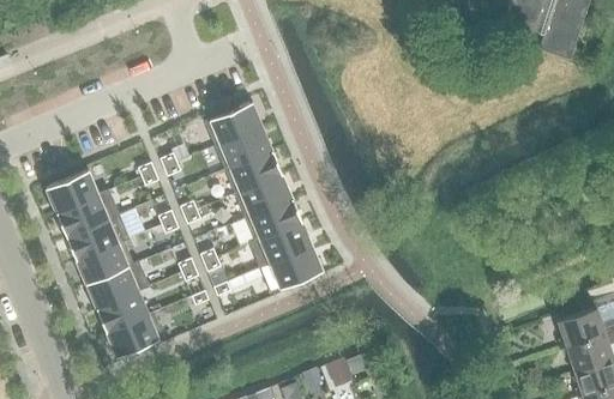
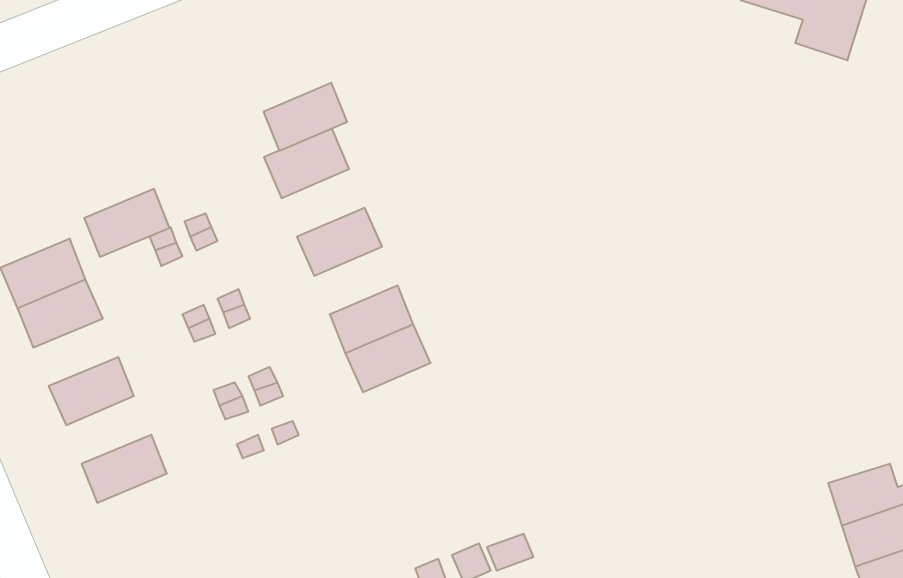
building: [219,126,271,168] -> [264,83,347,151]
building: [240,174,291,216] -> none
building: [66,218,119,260] -> [84,189,170,257]
building: [270,246,321,288] -> none
building: [86,266,139,308] -> none
building: [106,314,159,356] -> none

